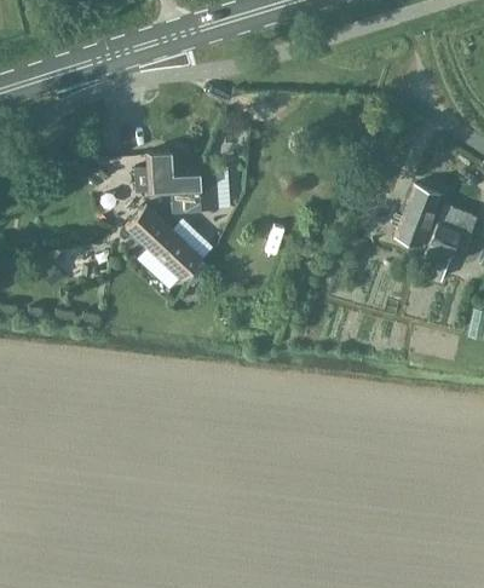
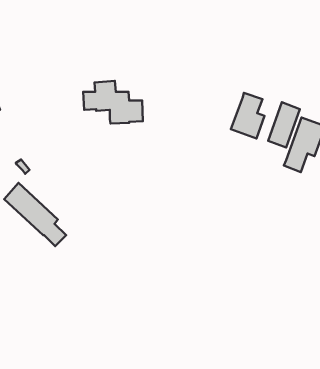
building: none -> [231,93,265,138]
building: [123,204,212,294] -> [4,183,66,246]

